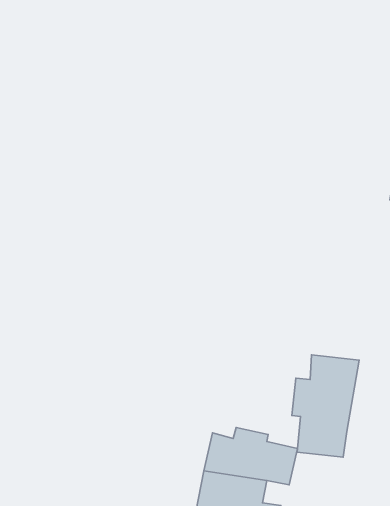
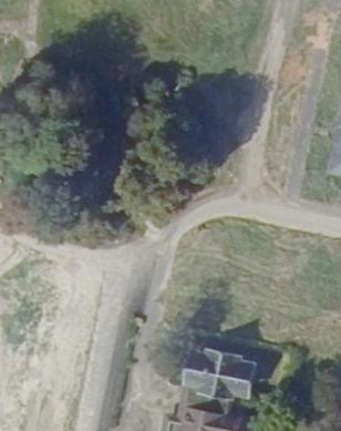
building: [292,355,359,457] -> none

